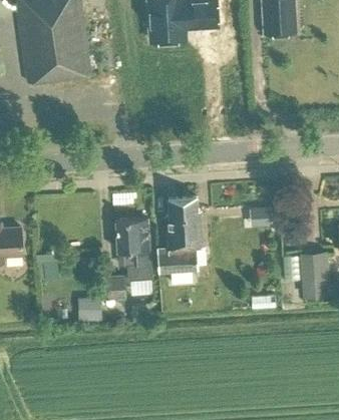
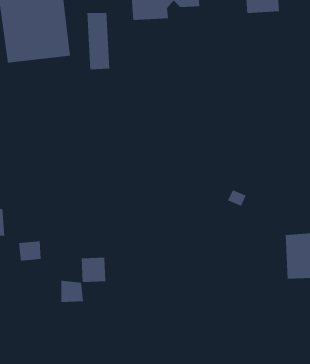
building: none -> [87,12,110,70]
building: [158,196,204,271] -> none
building: [117,220,151,280] -> none

